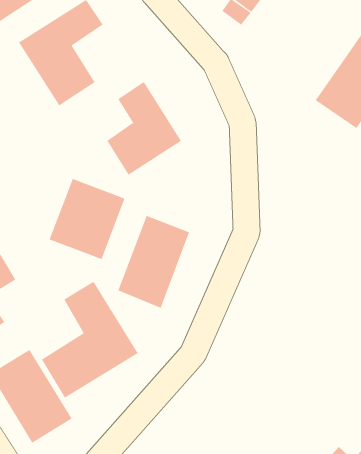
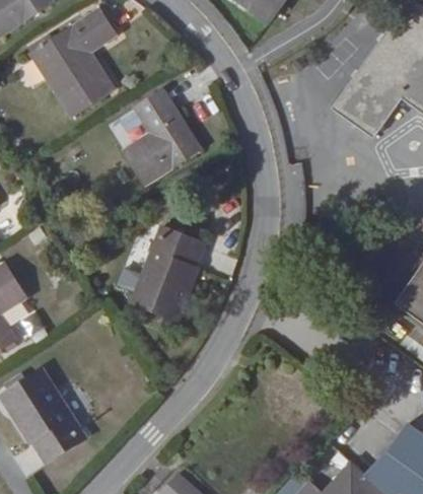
building: [49,178,125,260] -> none
building: [41,281,138,399] -> none

